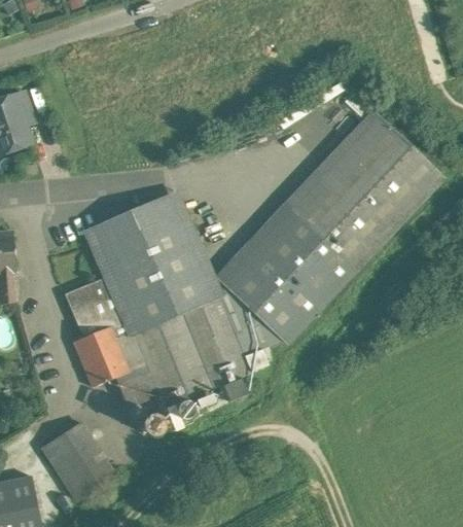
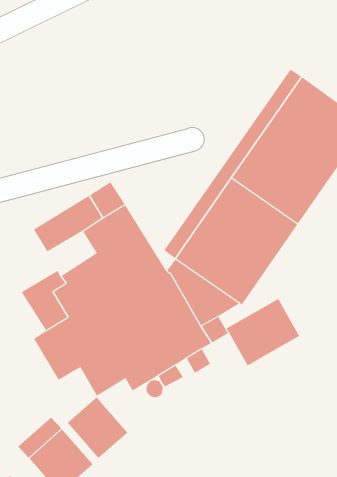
building: [101,243,149,284] -> none
building: none -> [226,298,300,366]
building: none -> [67,396,128,459]

